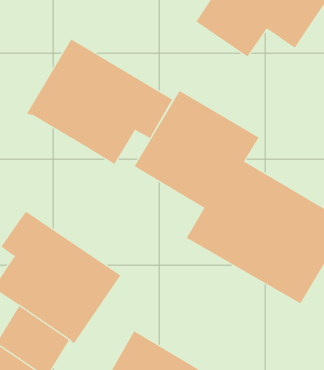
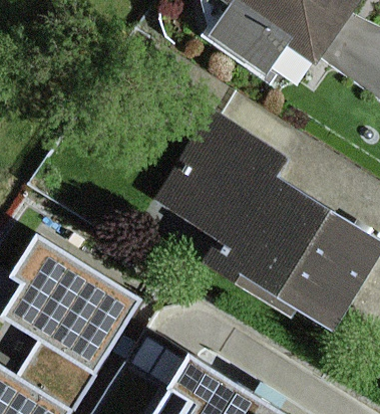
building: [26,39,173,165] -> none

